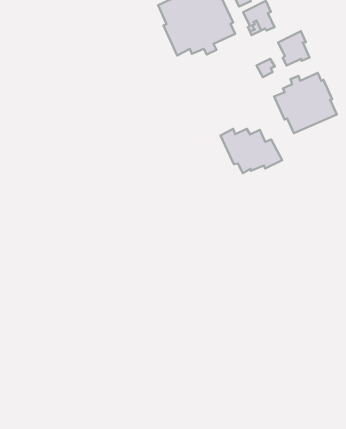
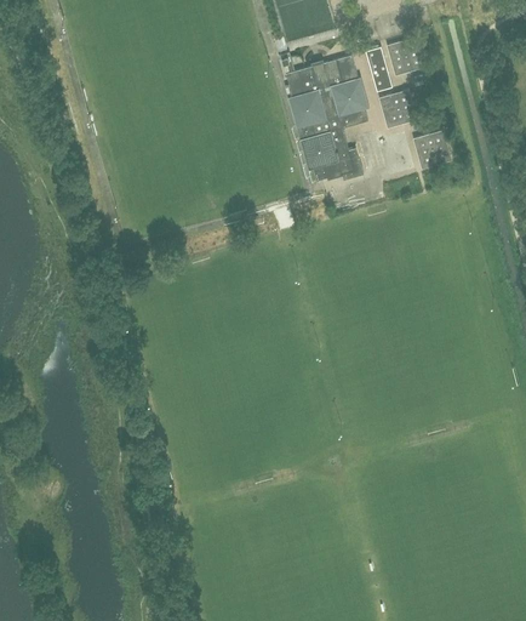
building: [274,73,337,133] -> none
building: [220,129,282,173] -> [297,129,362,181]

